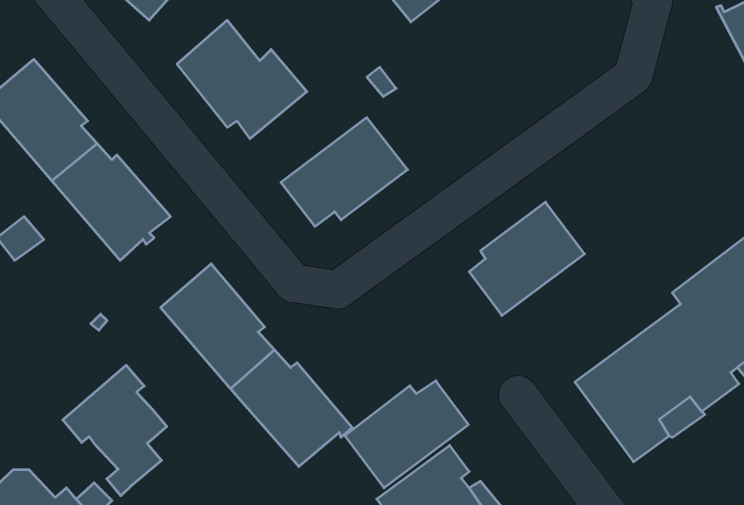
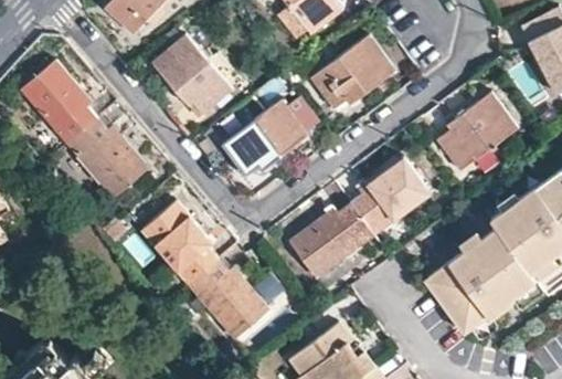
building: none -> [312,35,394,108]
building: none -> [437,92,518,171]
building: [63,365,167,496] -> none
building: [345,381,468,488] -> [289,206,373,278]

